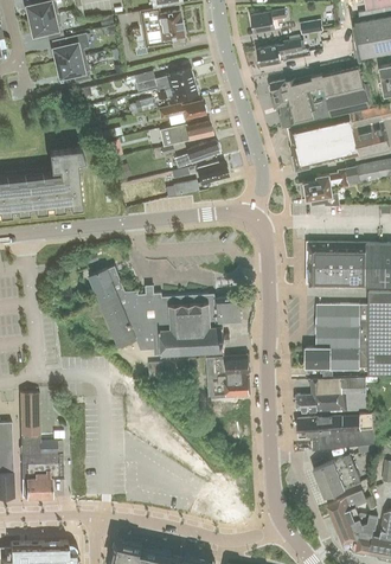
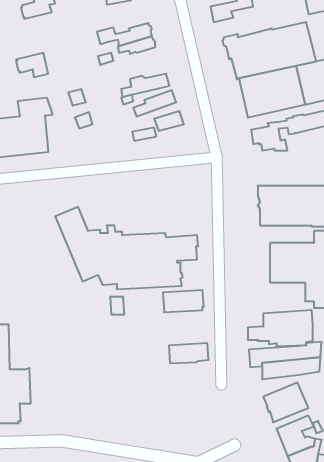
building: [56,56,90,82] -> [16,53,48,77]
building: [158,101,204,120] -> none
building: [305,347,358,370] -> none
building: [206,377,249,398] -> [169,343,209,363]

